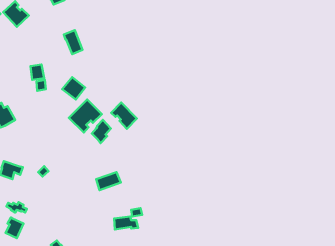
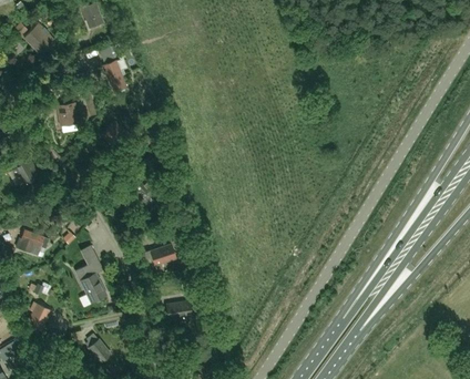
building: [69,100,102,132] -> none
building: [111,103,137,129] -> none
building: none -> [75,246,106,304]

